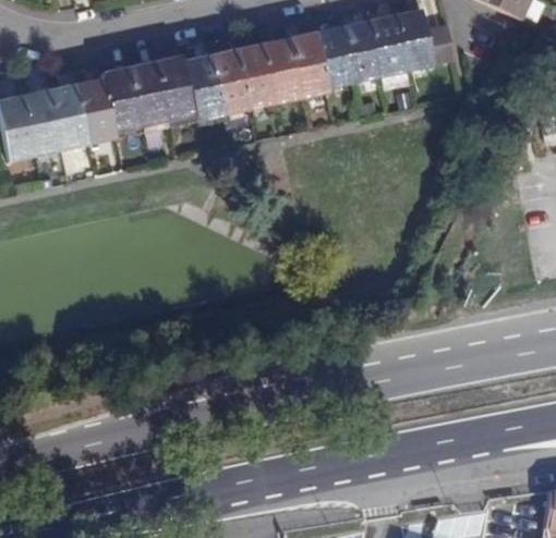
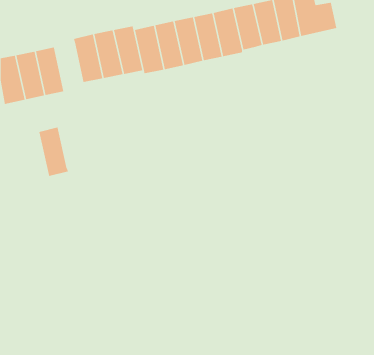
building: [75,77,116,144] -> [39,127,69,176]

